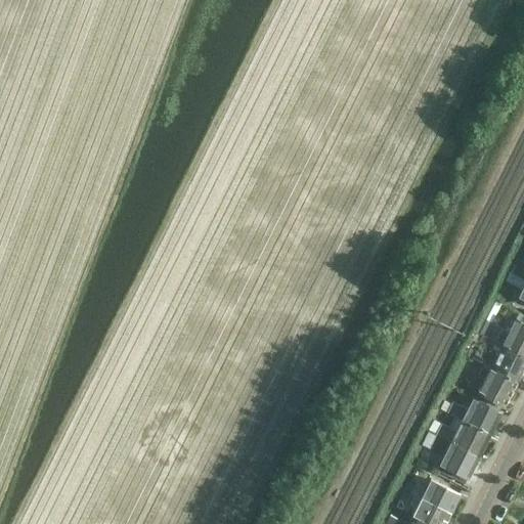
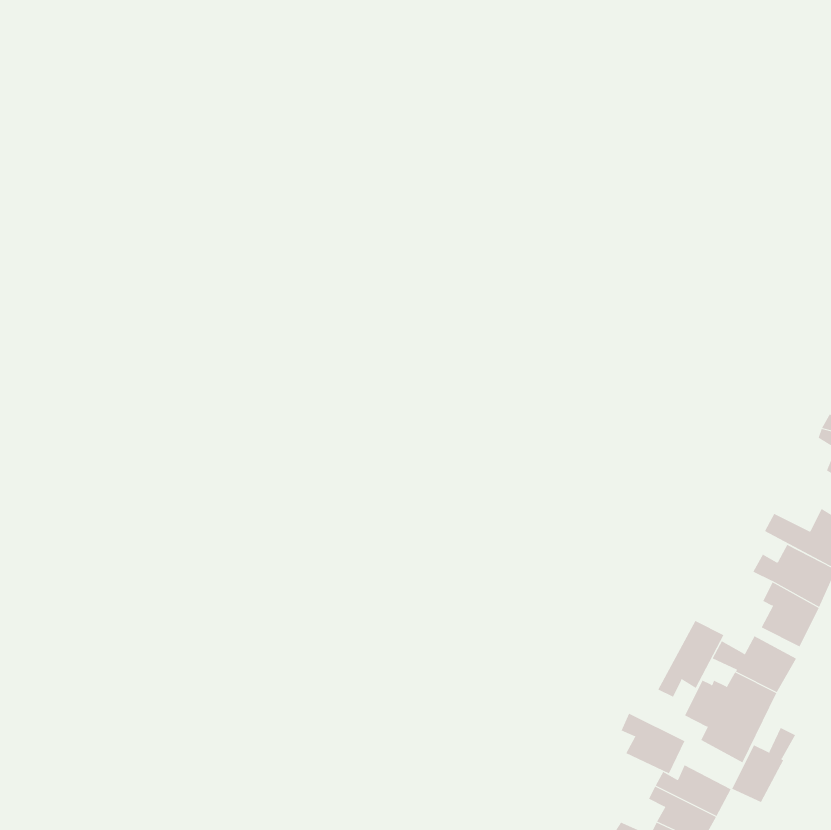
building: none -> [658,620,724,697]
building: none -> [621,713,685,774]
building: none -> [731,727,796,803]

